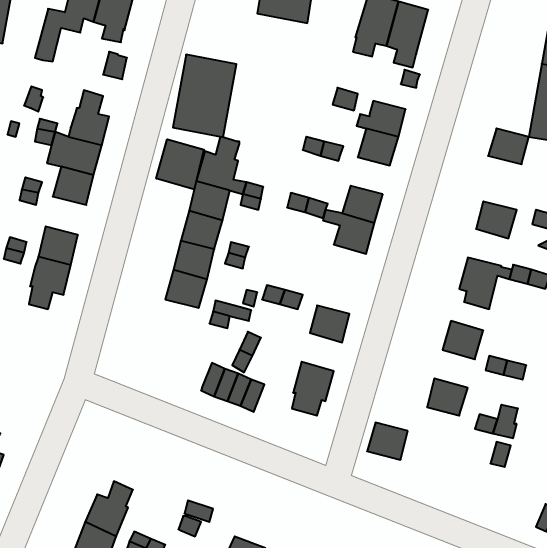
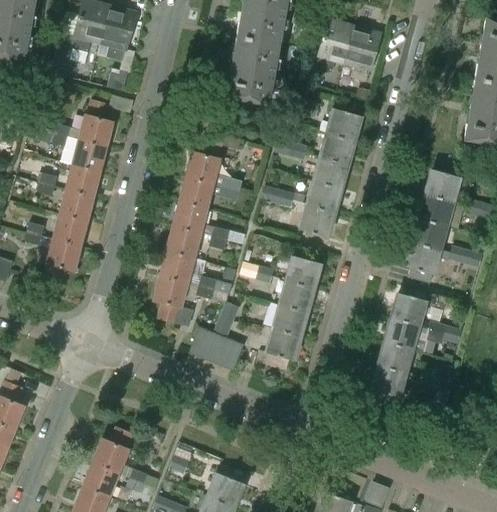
building: [173,55,236,137] -> [226,36,279,105]
building: [488,128,529,164] -> [426,170,460,200]
building: [156,139,204,190] -> none
building: none -> [315,156,348,187]
building: none -> [60,189,94,221]
building: none -> [413,216,447,247]
building: none -> [287,257,321,287]
building: none -> [154,275,195,326]
building: none -> [274,303,308,335]
building: none -> [385,317,419,349]
building: [367,423,408,460] -> [372,365,406,396]

